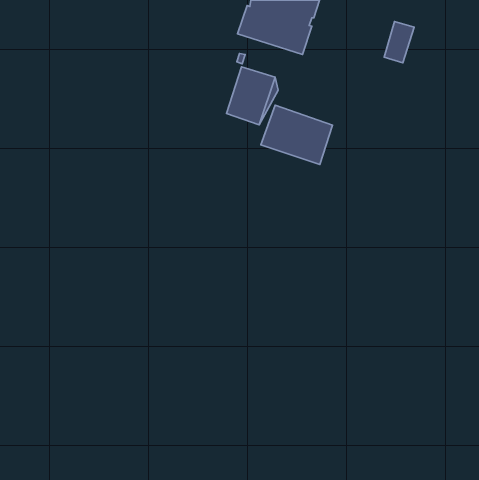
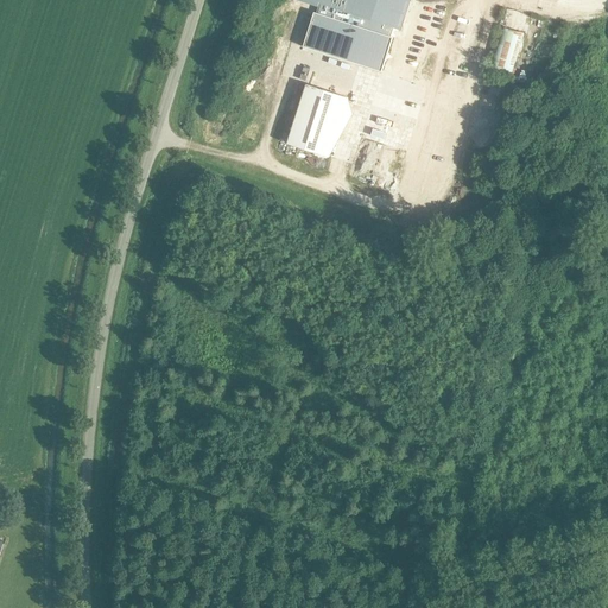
building: [261,105,333,165] -> none

